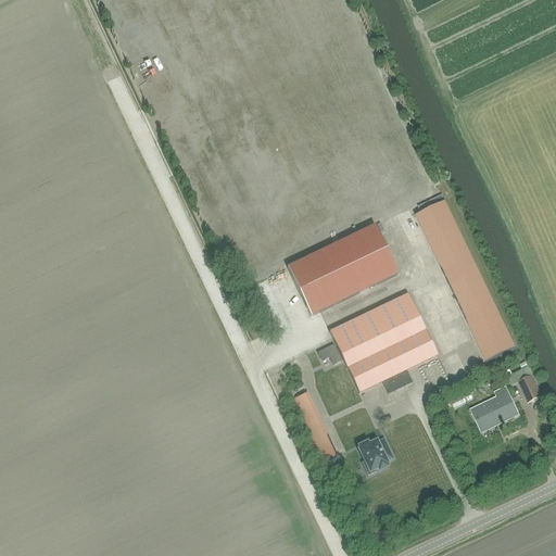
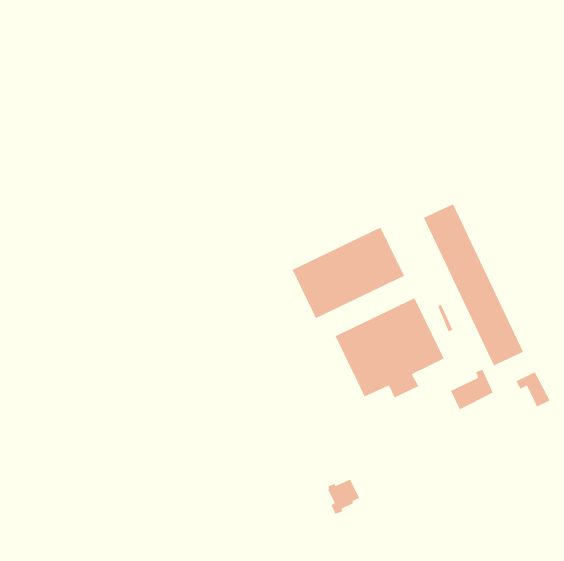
building: [472,388,516,429] -> [450,369,494,410]
building: [358,437,391,472] -> [327,478,360,515]

